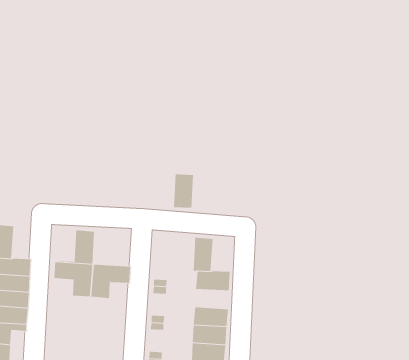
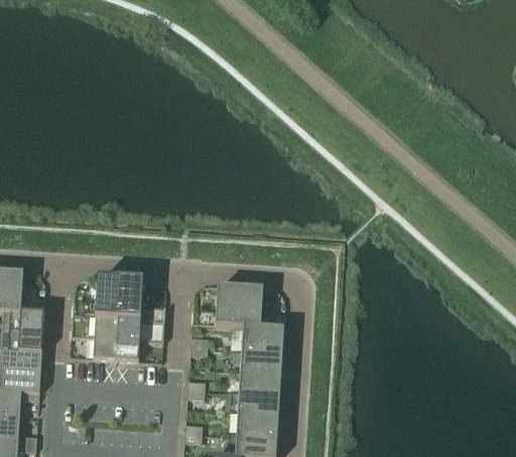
building: [173,174,194,208] -> [215,285,240,327]
building: none -> [118,279,163,322]
building: none -> [240,349,282,373]

